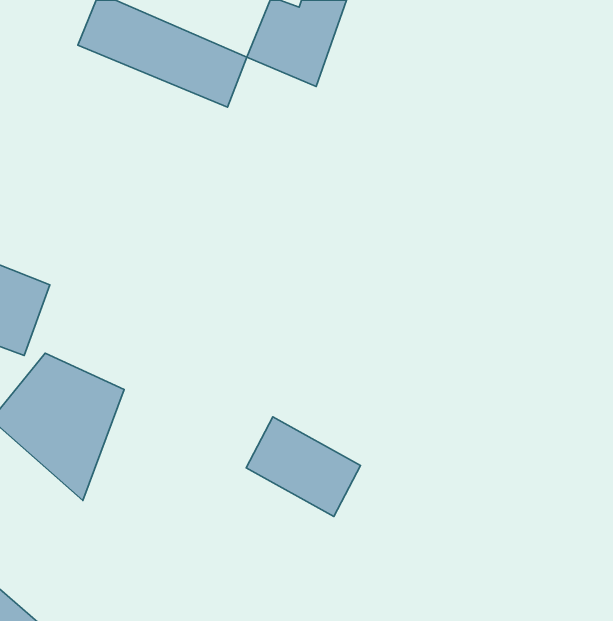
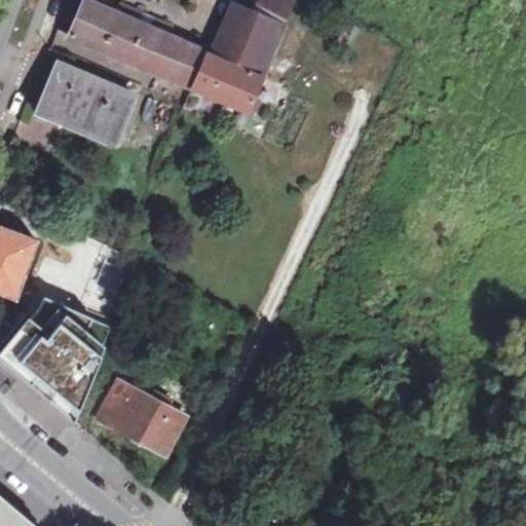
building: none -> [192,49,267,116]
building: none -> [35,58,140,150]
building: [246,417,360,517] -> [92,374,189,458]

